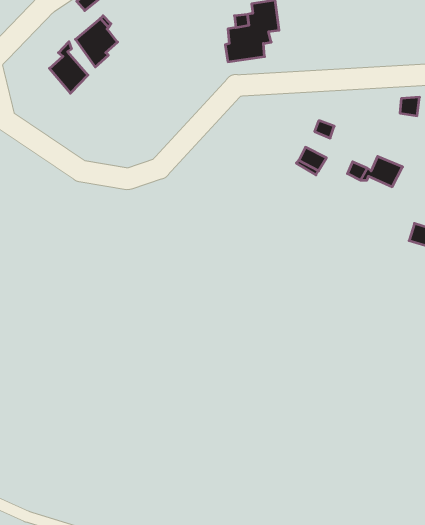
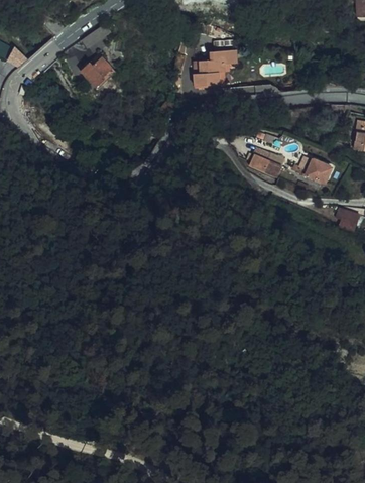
building: [49,42,88,93] -> none

